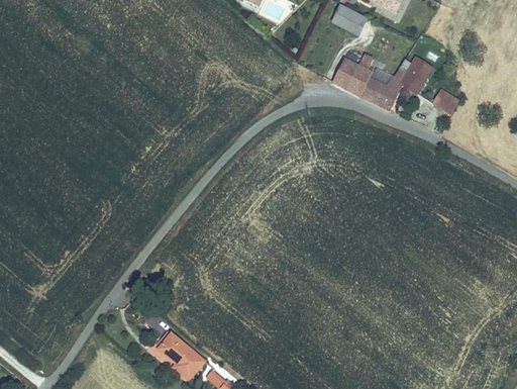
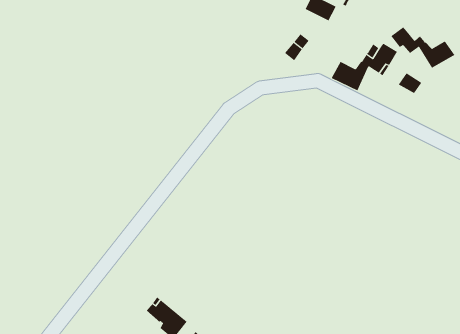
building: none -> [390,26,455,69]
building: [332,55,392,95] -> none

